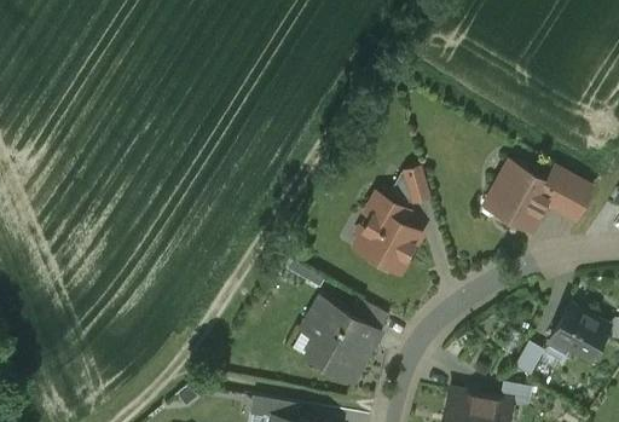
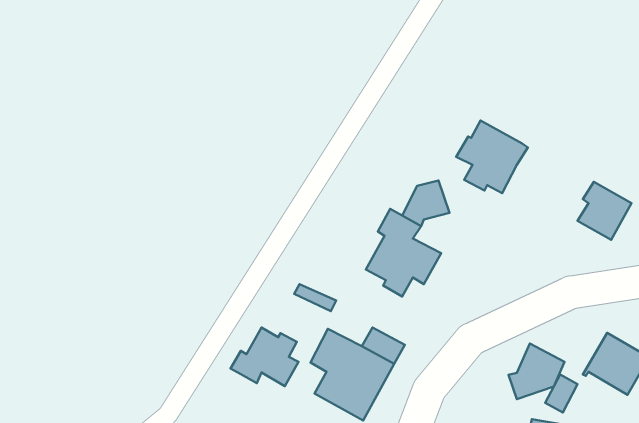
building: [488,164,553,230] -> [456,120,528,193]
building: none -> [230,327,298,386]
building: none -> [508,344,565,399]

